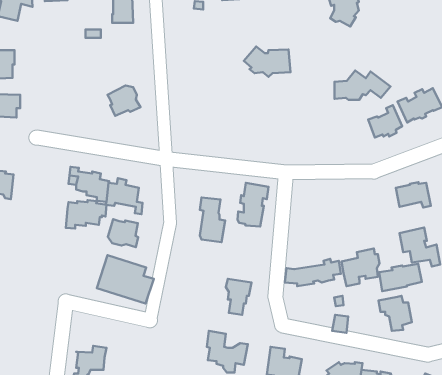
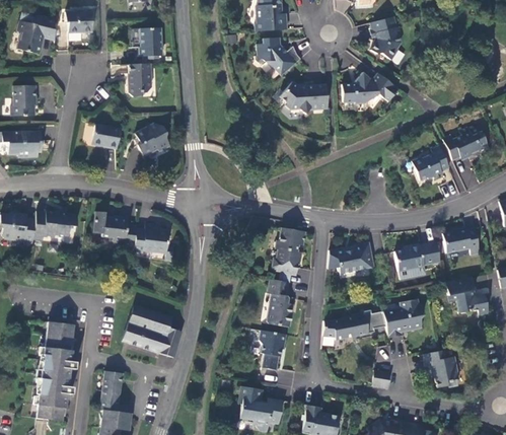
building: none -> [257,38,302,77]
building: none -> [129,65,151,98]
building: [334,70,390,100] -> [343,75,403,106]
building: none -> [90,125,119,149]
building: none -> [330,242,375,279]
building: [200,198,225,242] -> [268,280,295,328]
building: [66,200,107,229] -> [31,210,75,240]
building: [108,219,138,247] -> none
building: [379,264,422,291] -> [395,242,441,272]
building: none -> [37,320,75,420]
building: none -> [101,369,123,410]

